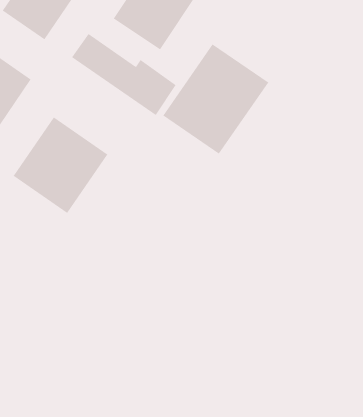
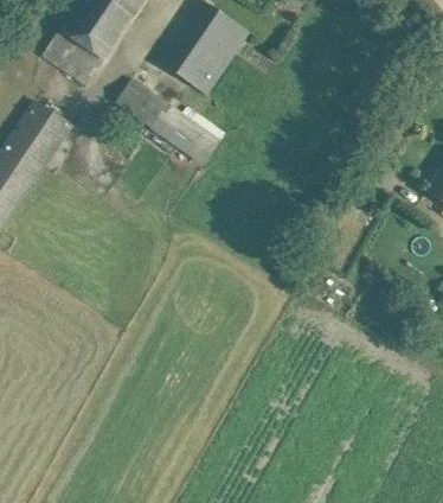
building: [162,43,269,154] -> none
building: [13,116,108,214] -> none

